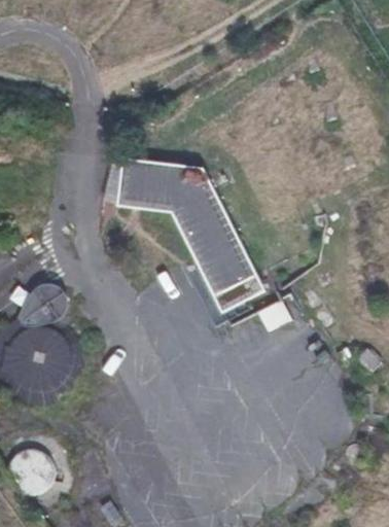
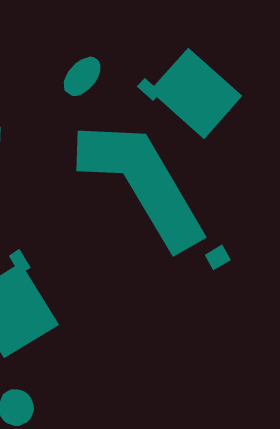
building: none -> [136,47,243,140]
building: none -> [63,56,101,97]

